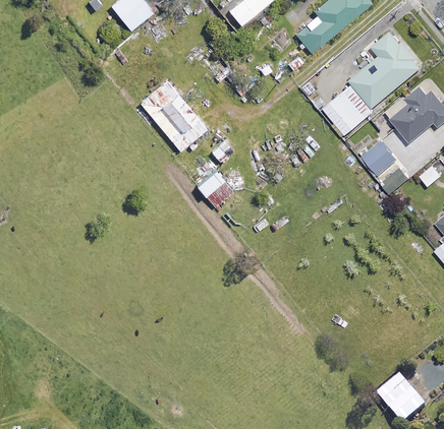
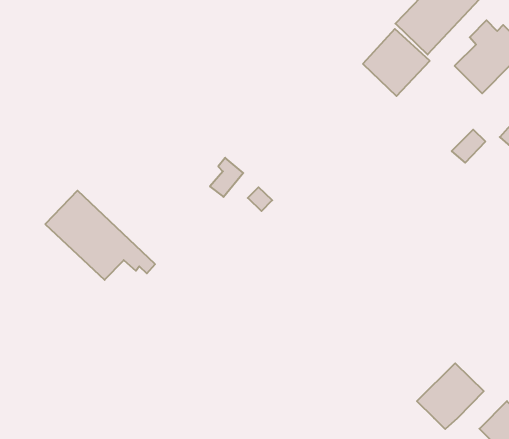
building: [140,80,219,150] -> [45,191,155,280]
building: [359,140,396,176] -> none
building: none -> [417,363,484,429]

